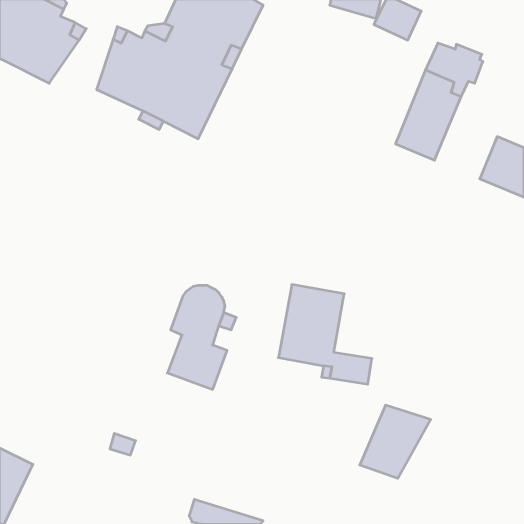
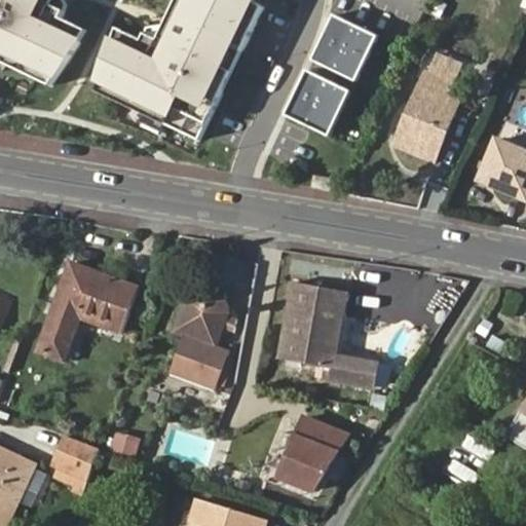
building: none -> [314,13,378,74]
building: none -> [290,64,355,129]
building: none -> [36,262,138,359]
building: [360,405,431,478] -> [277,420,348,493]
building: none -> [53,440,91,476]

